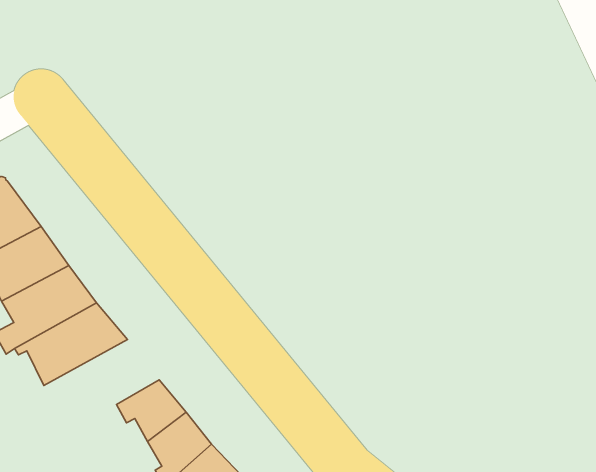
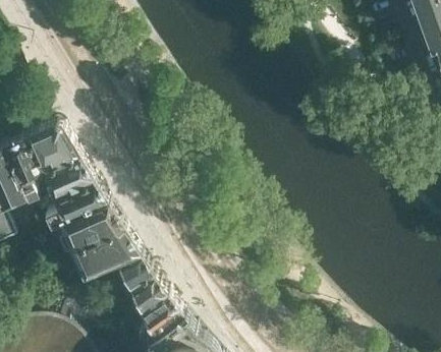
building: none -> [74,233,143,285]

